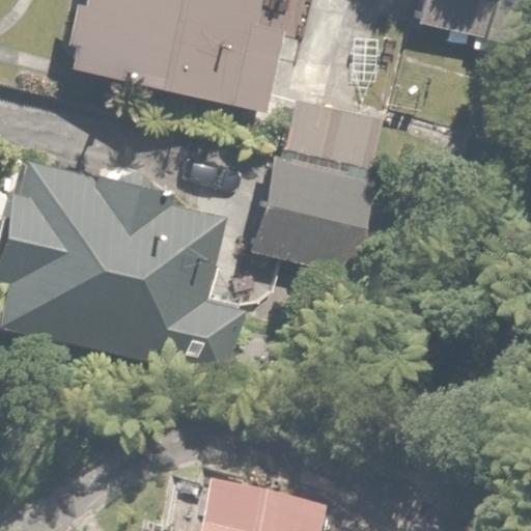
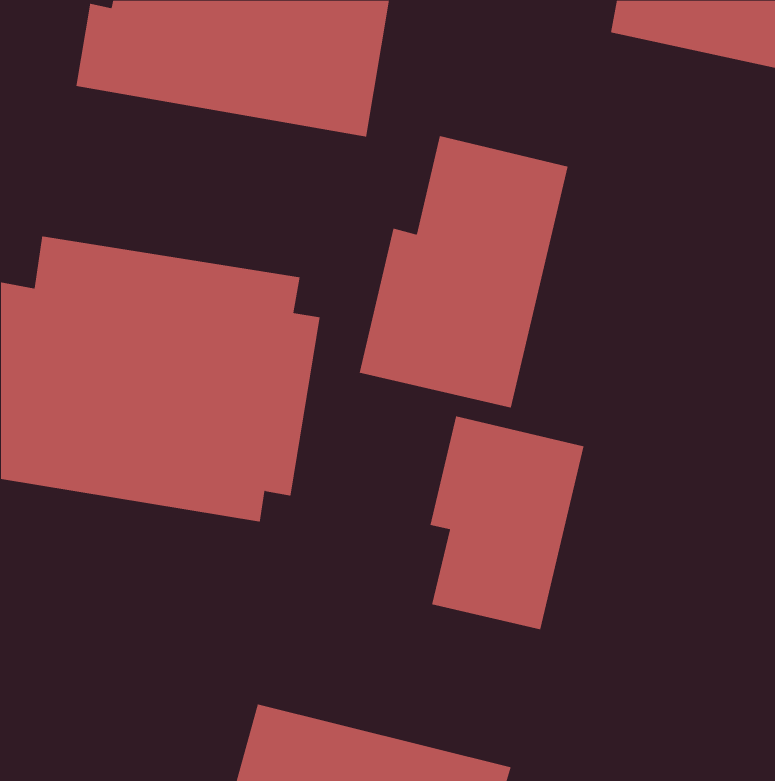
building: none -> [430,415,584,630]

